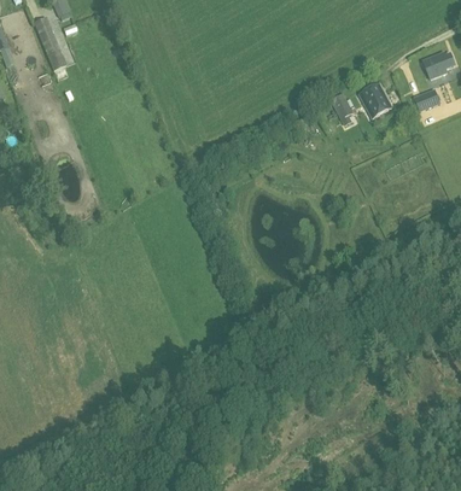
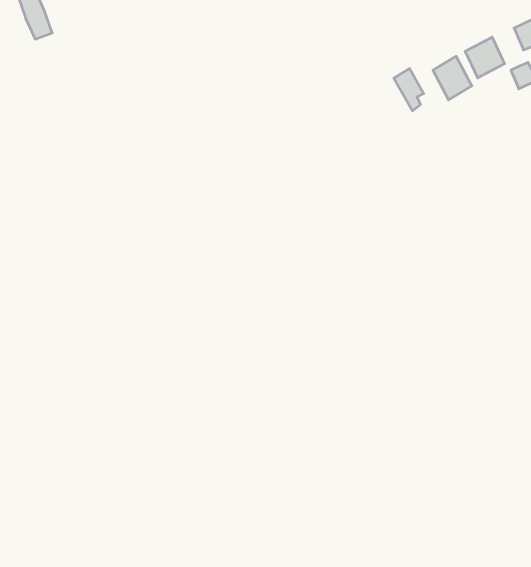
building: none -> [465,37,505,78]

